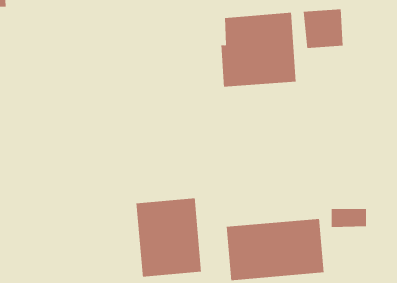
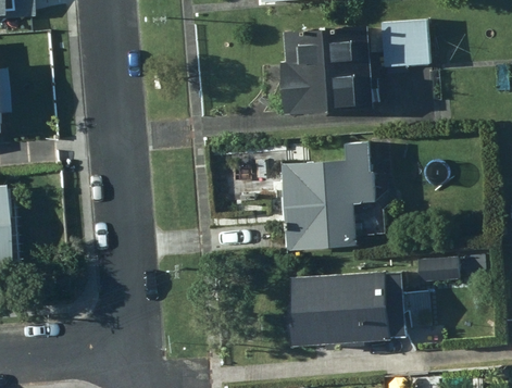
building: none -> [283,140,377,247]
building: [136,198,202,278] -> none

